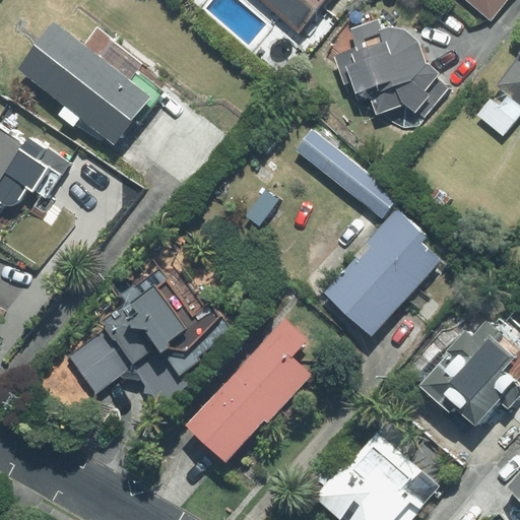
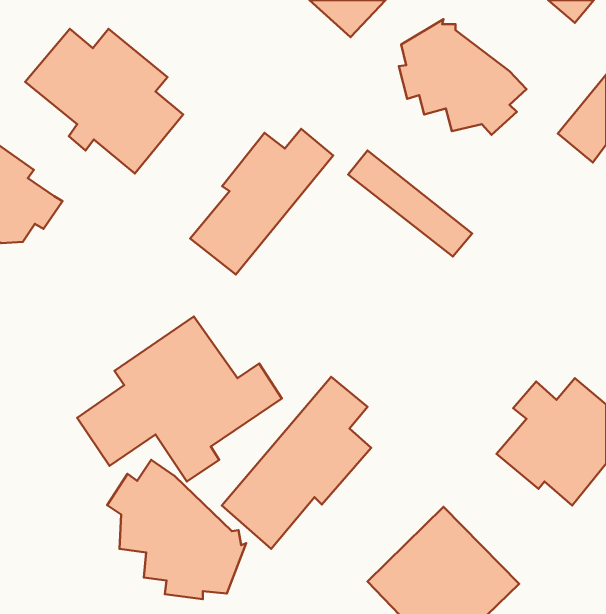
building: none -> [190,129,333,275]
building: [322,207,449,338] -> none
building: none -> [107,460,246,599]

